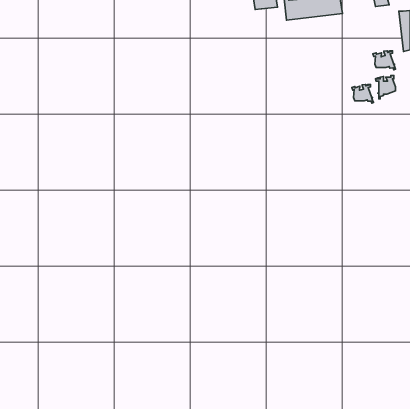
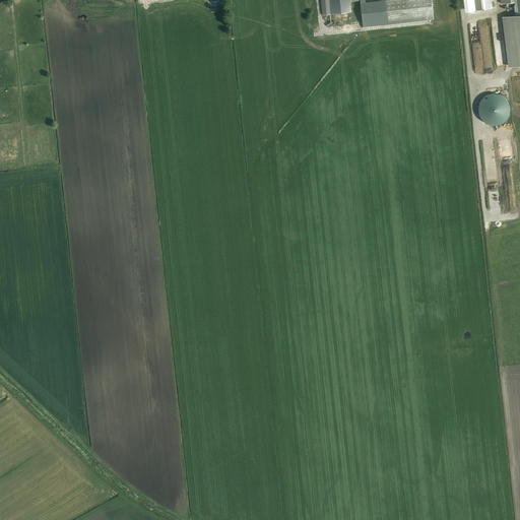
building: [373,51,396,70] -> none
building: [352,85,373,103] -> none

